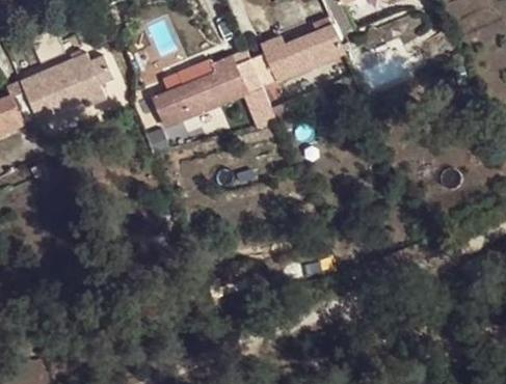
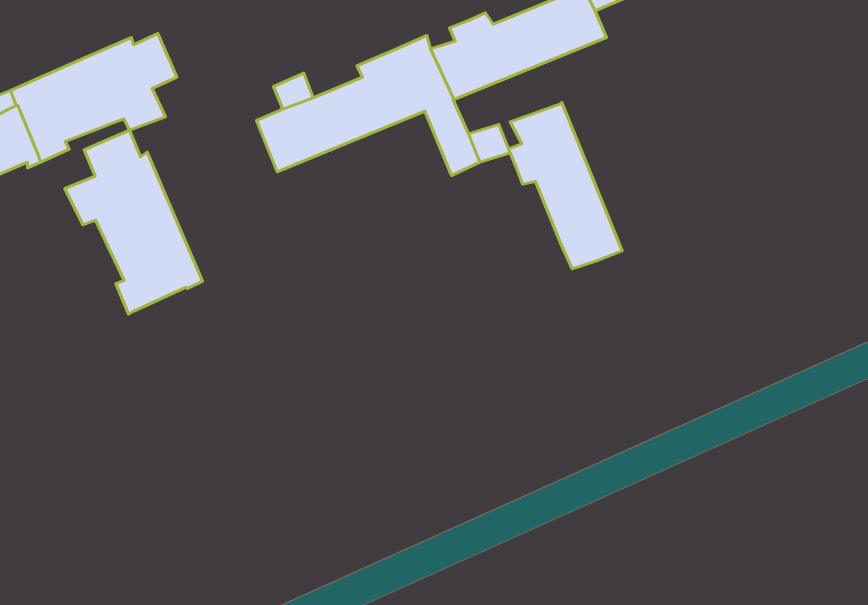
building: none -> [509,103,622,269]
building: none -> [65,130,203,314]

